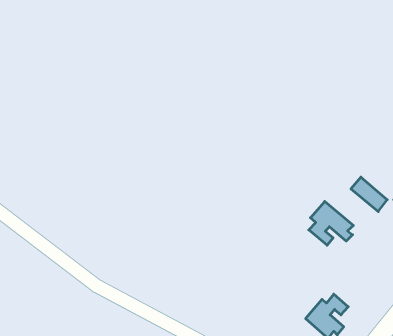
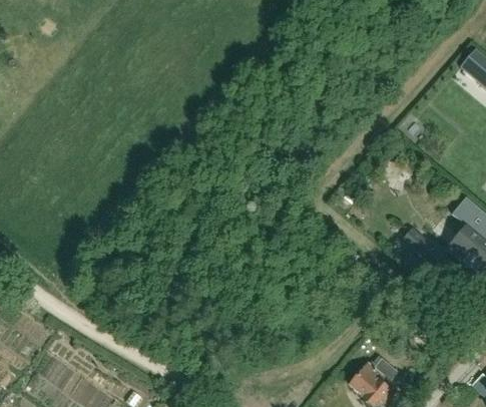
building: [309,201,353,245] -> none

